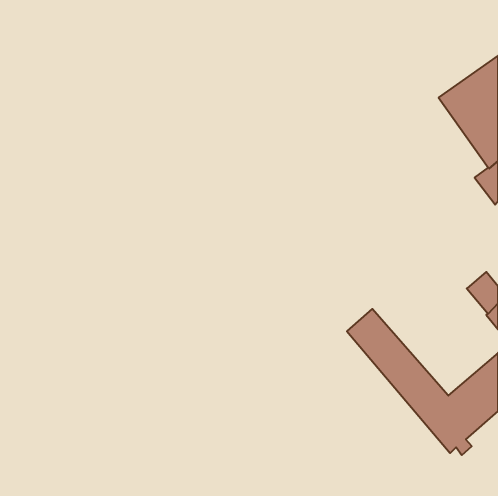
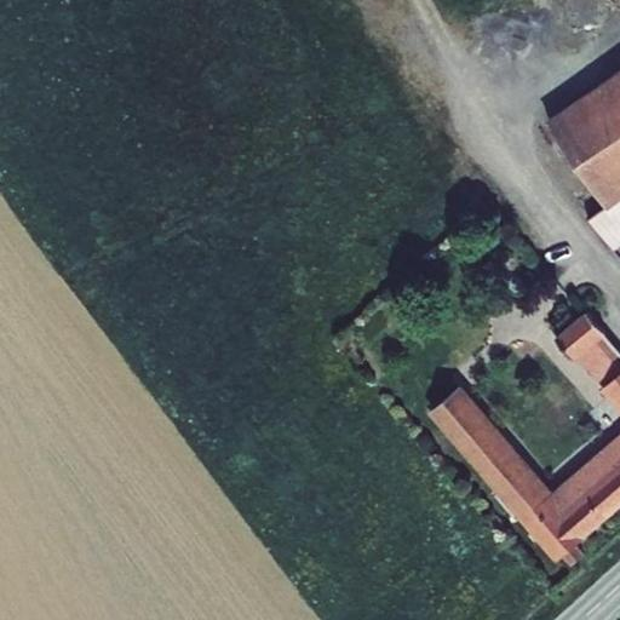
building: none -> [558,315,608,363]

